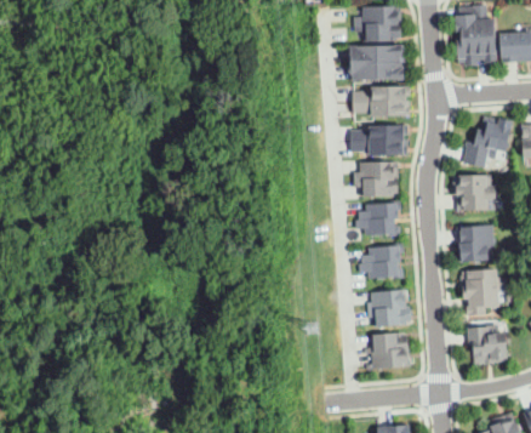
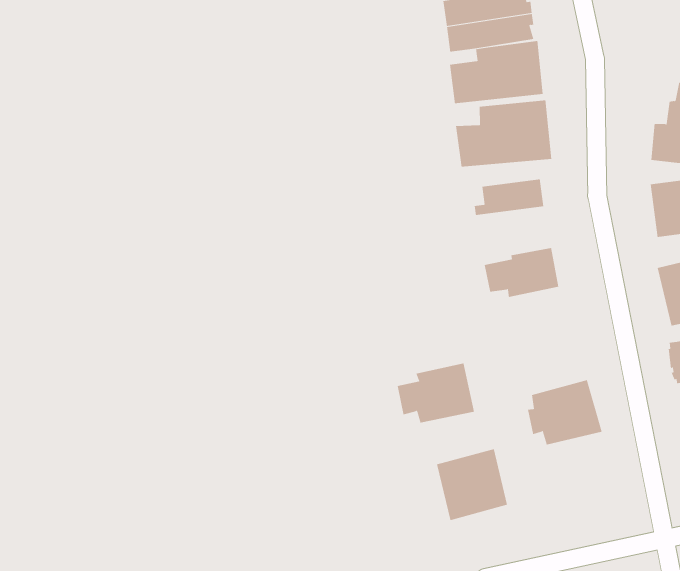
building: [353,181,395,198] -> none
building: [359,246,404,279] -> [397,363,475,423]
building: [372,331,412,371] -> [436,448,508,521]

